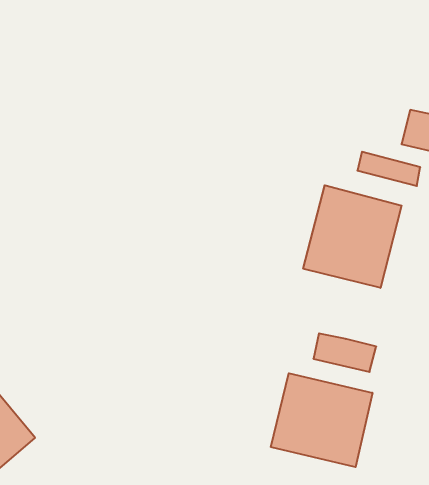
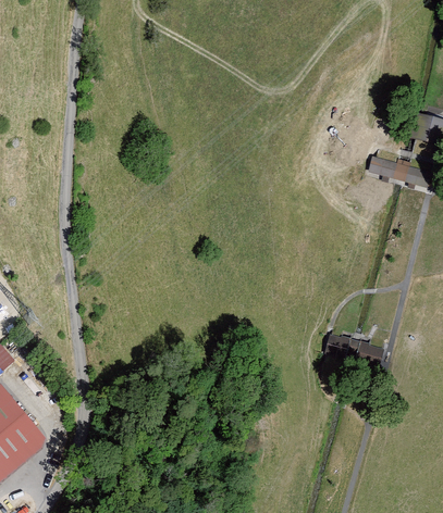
building: [303,185,402,288] -> none
building: [271,373,372,467] -> none

